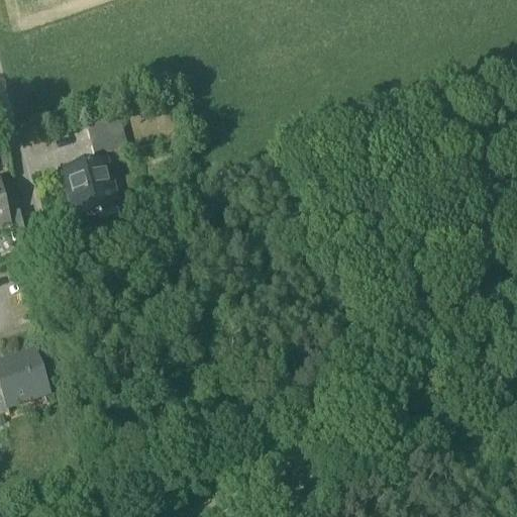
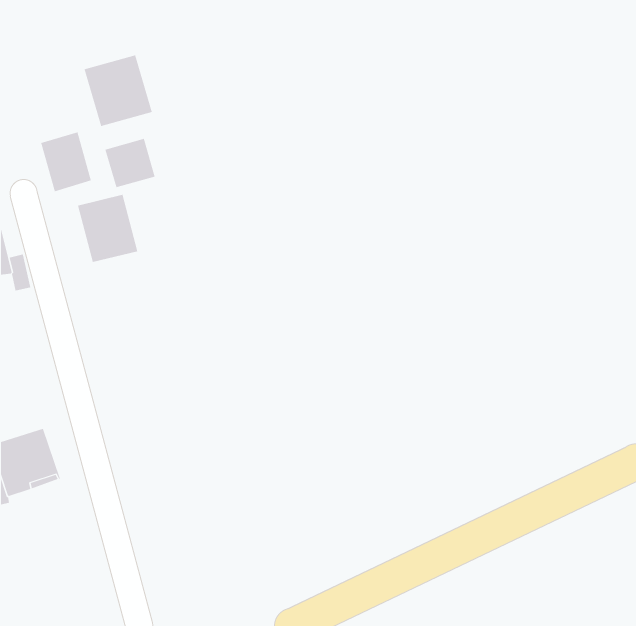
building: none -> [84,54,153,127]
building: none -> [41,131,92,192]

